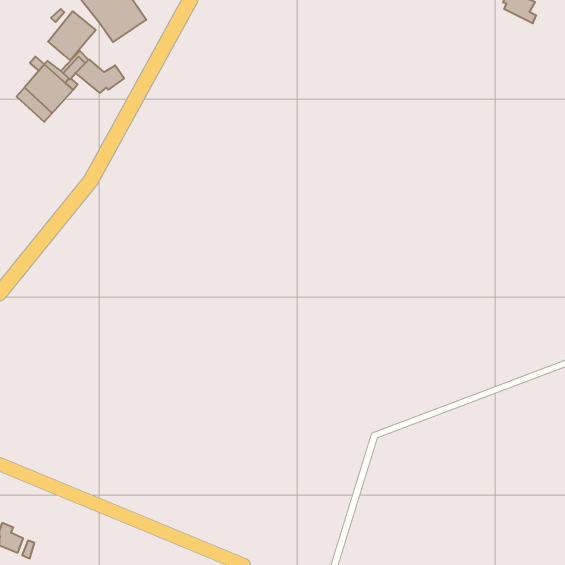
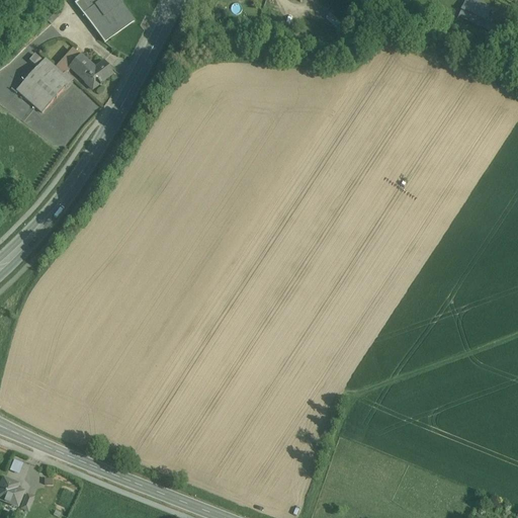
building: [48,11,96,61] -> none

